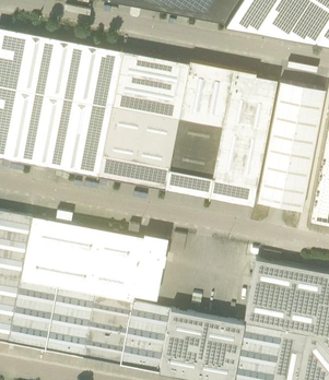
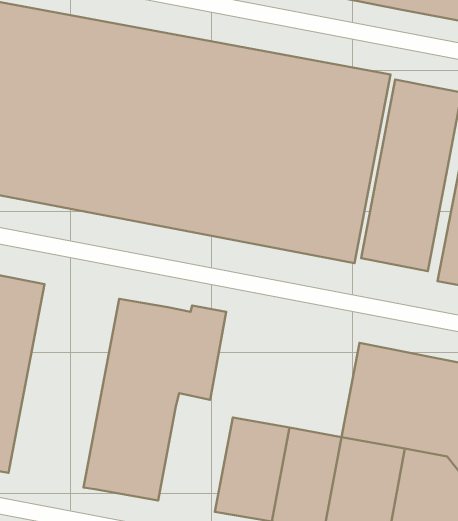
building: [20,211,94,356] -> none
building: [120,301,171,372] -> none

